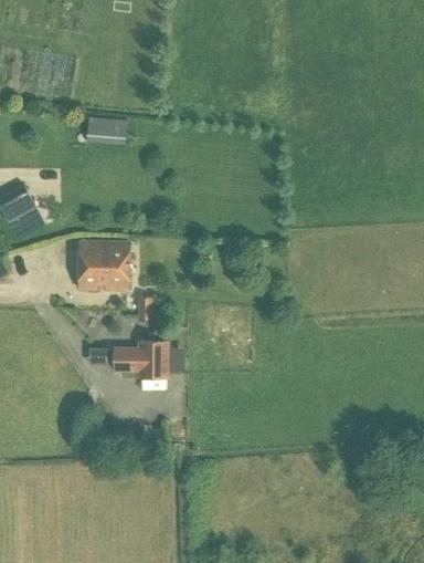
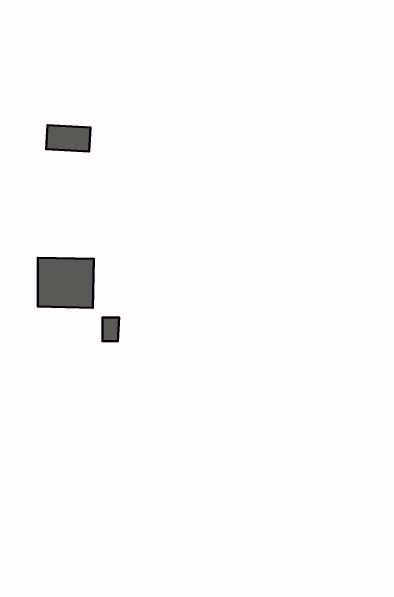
building: [113,341,169,376] -> none

